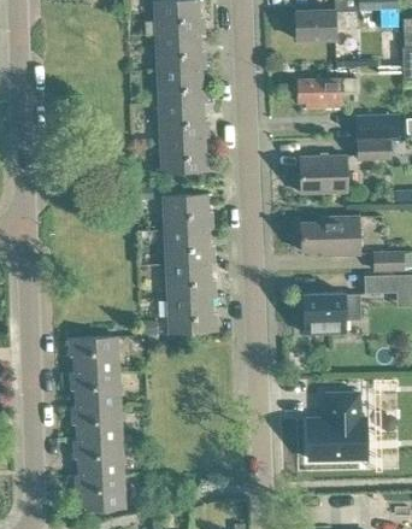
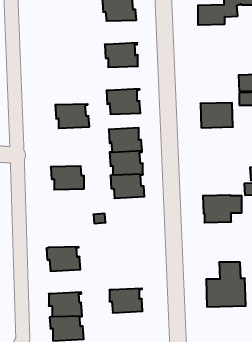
building: [155,34,205,70] -> none
building: [296,80,357,110] -> none
building: [158,102,208,139] -> [55,104,89,128]
building: [301,217,360,257] -> none
building: [167,296,217,334] -> none
building: [69,337,118,372] -> [51,166,84,190]
building: [72,405,122,441] -> [109,288,143,313]

